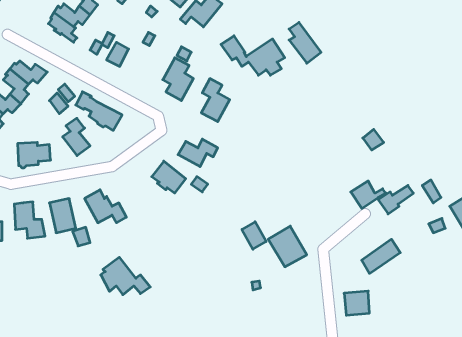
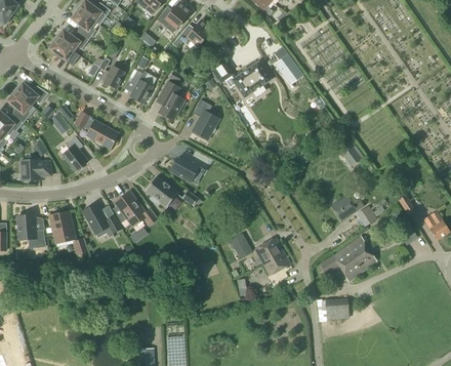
building: none -> [130,71,157,103]
building: none -> [320,236,369,275]
building: [101,257,150,295] -> [113,192,159,227]

